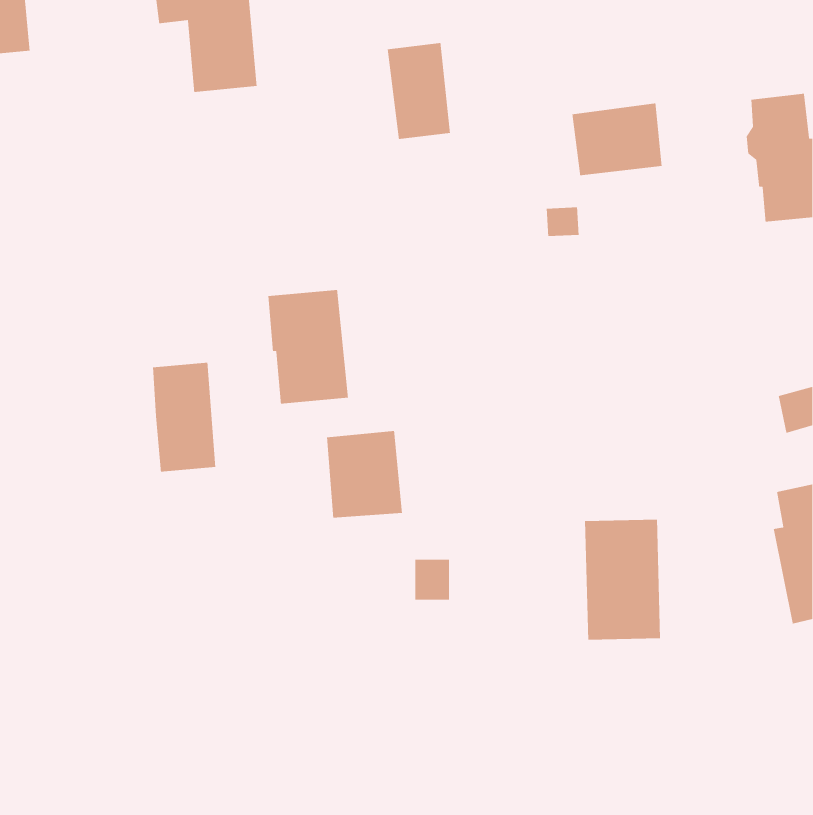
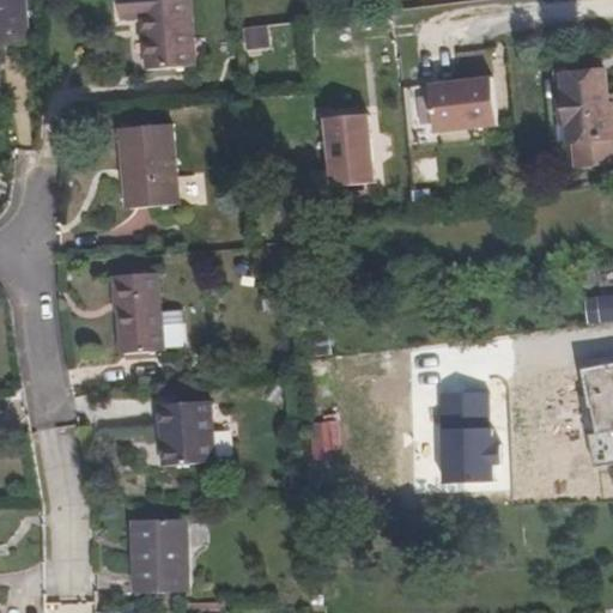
building: [387,42,451,140] -> [336,114,384,187]
building: [267,289,349,405] -> [117,122,178,208]
building: [326,430,403,518] -> [157,399,214,465]
building: none -> [132,517,187,593]

